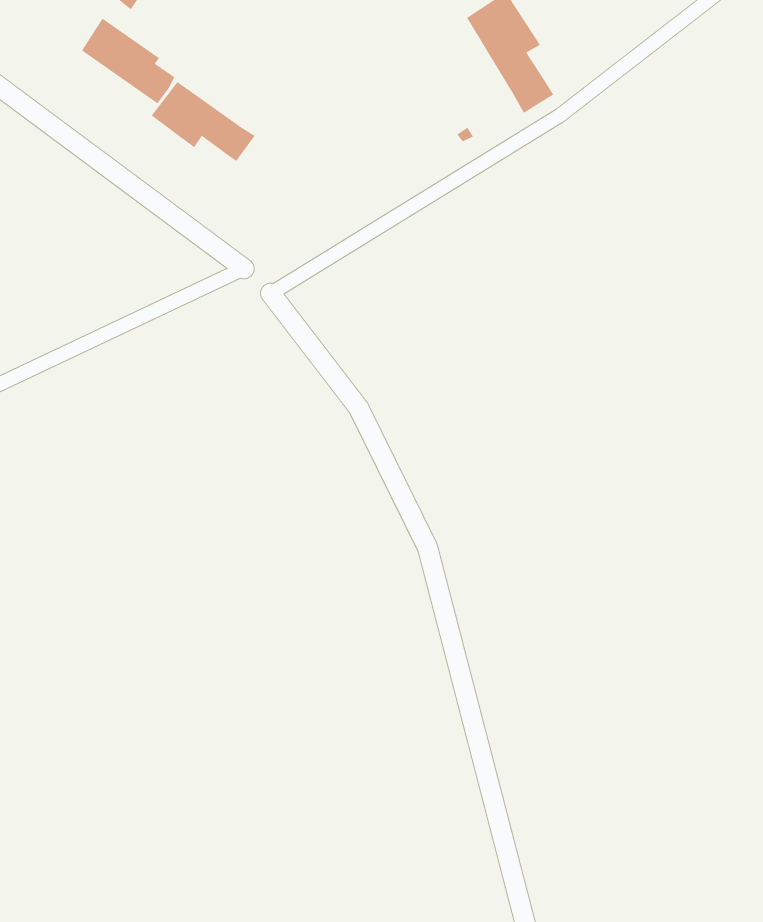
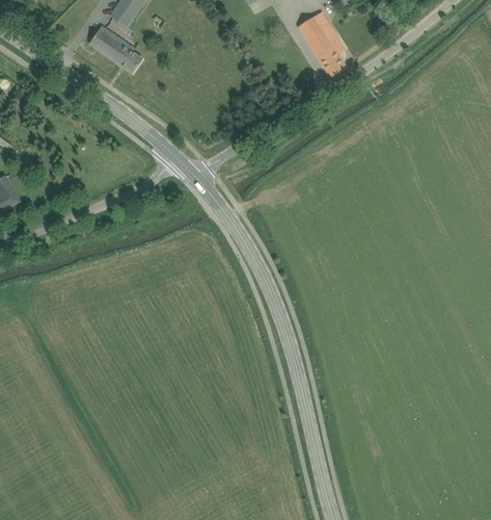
building: [151,81,255,162] -> none

